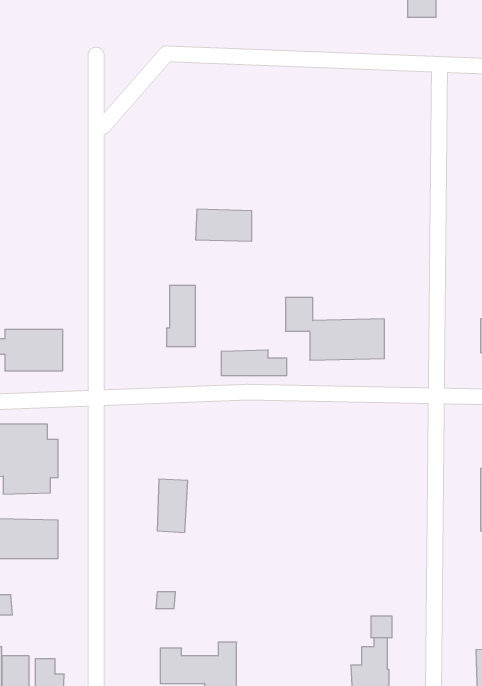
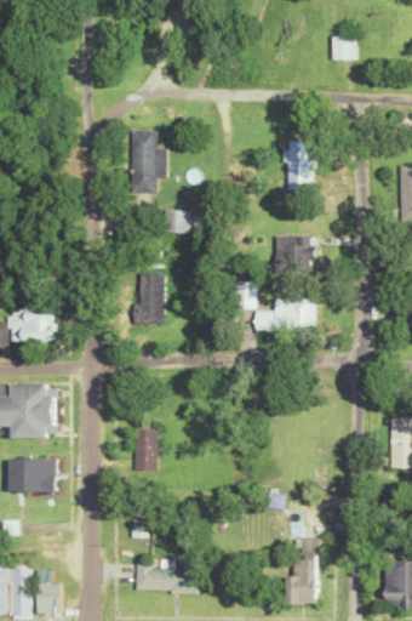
building: none -> [131,131,166,190]
building: none -> [287,142,313,190]
building: none -> [275,237,314,261]
building: [222,350,287,376] -> none

